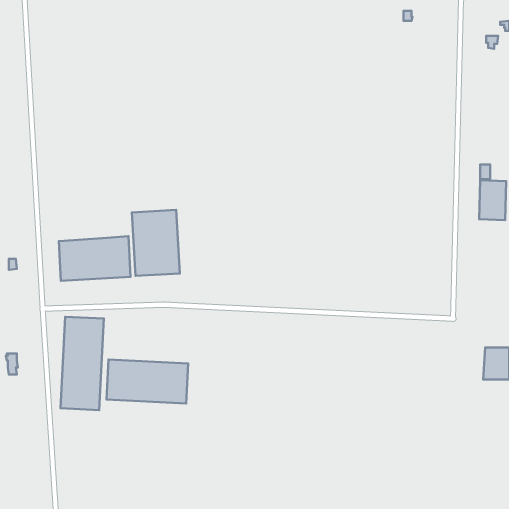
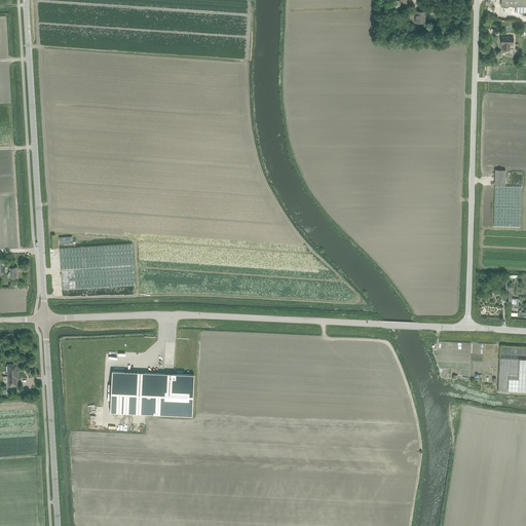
building: [132,210,180,276] -> none
building: [60,317,104,410] -> none

